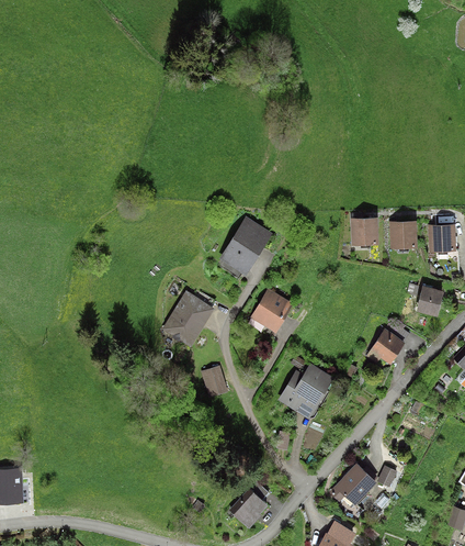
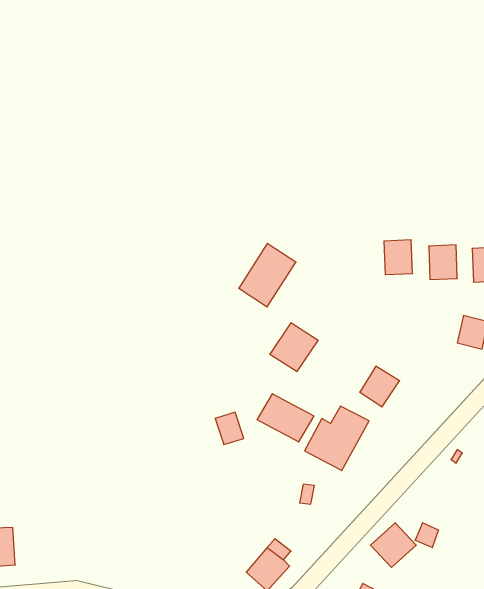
building: [165,292,217,347] -> none
building: [368,328,404,365] -> [360,366,400,407]
building: none -> [257,394,314,442]

